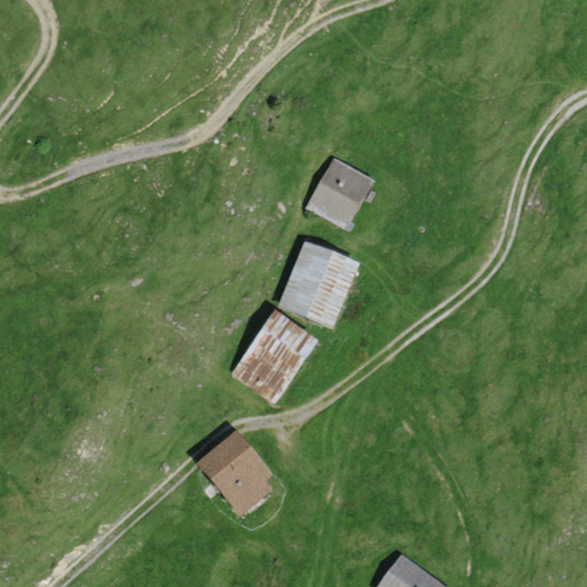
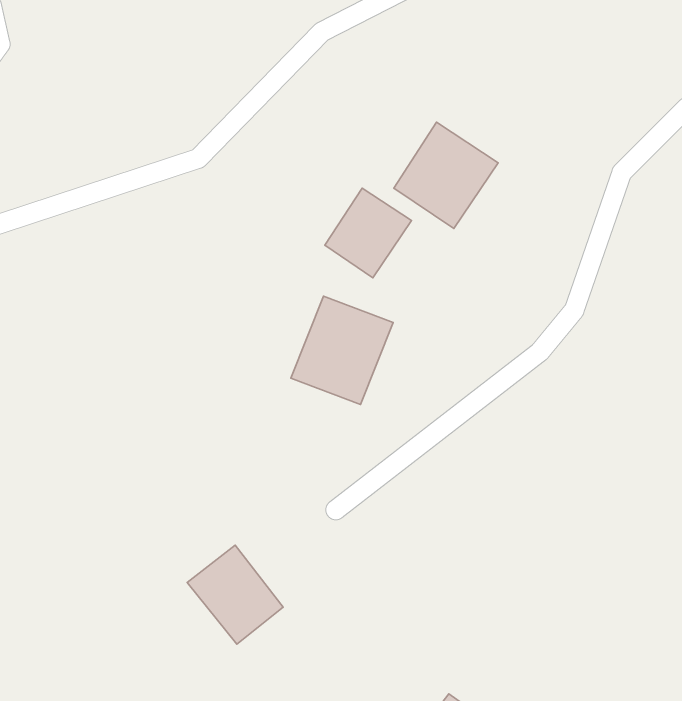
building: none -> [394,122,498,229]
building: [232,314,314,399] -> none

